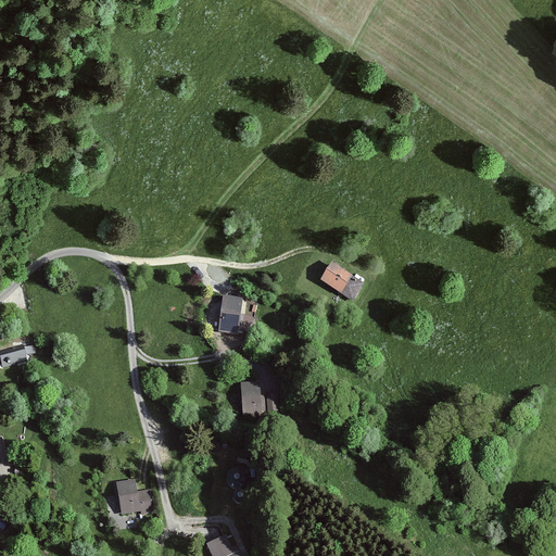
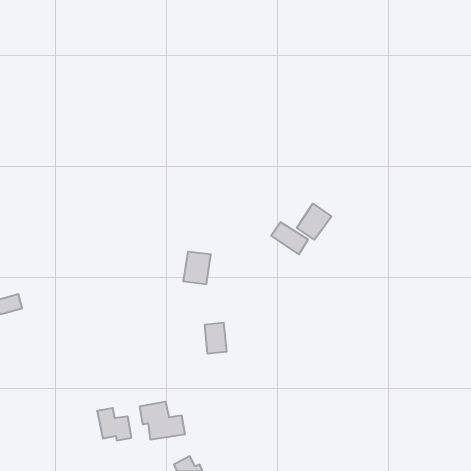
building: none -> [297,204,331,240]
building: none -> [140,402,185,440]

